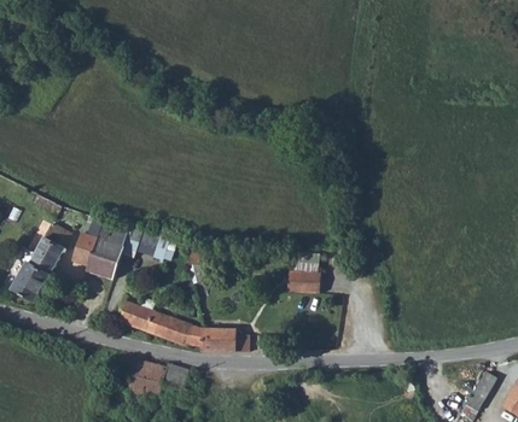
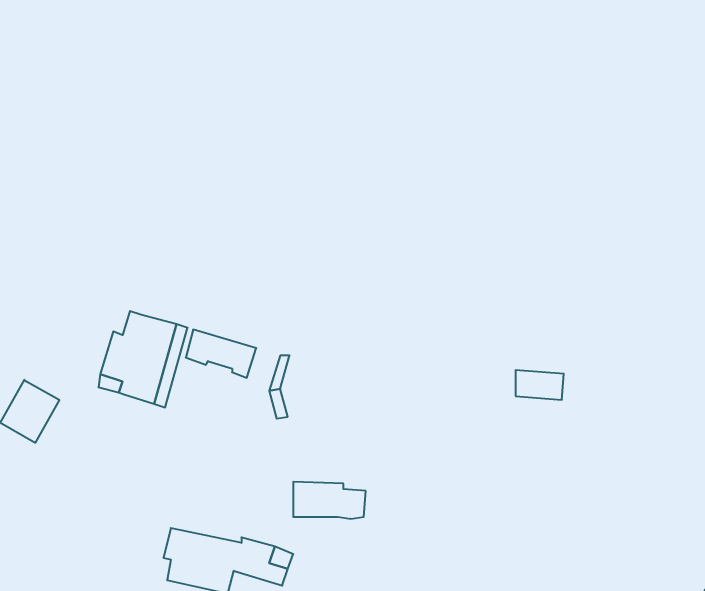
building: [27,234,64,274] -> none
building: [286,274,318,293] -> [516,370,564,400]
building: [116,294,200,345] -> none

